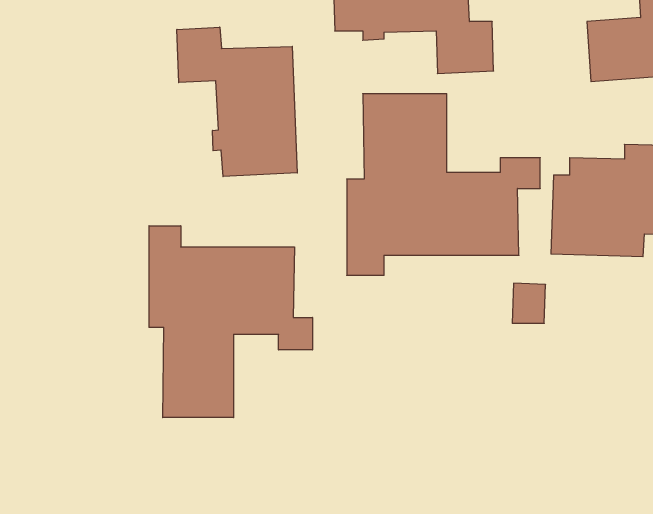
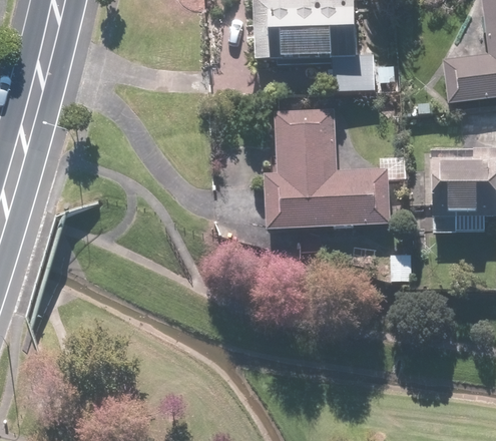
building: [177,27,297,177] -> none
building: [149,226,312,418] -> none

